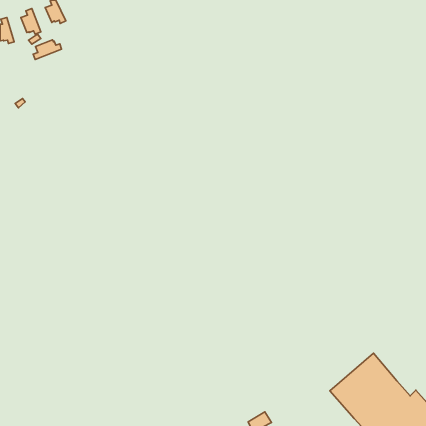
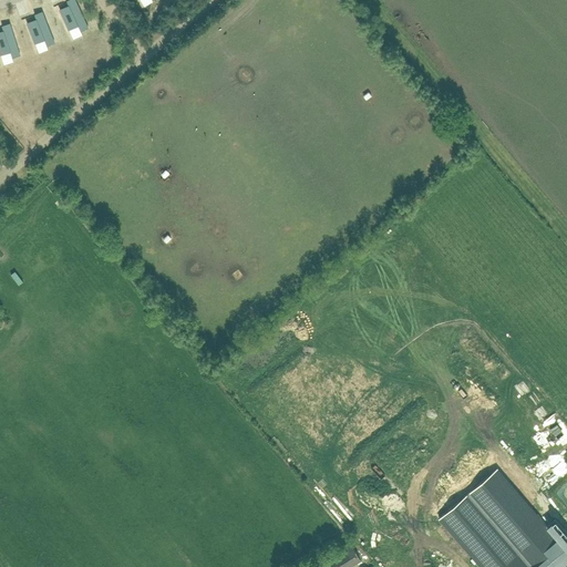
building: [33,40,62,60] -> none

